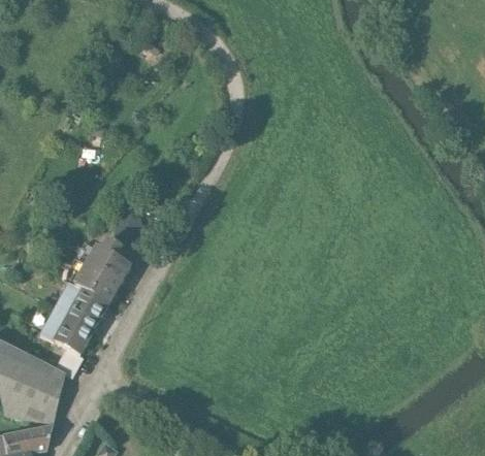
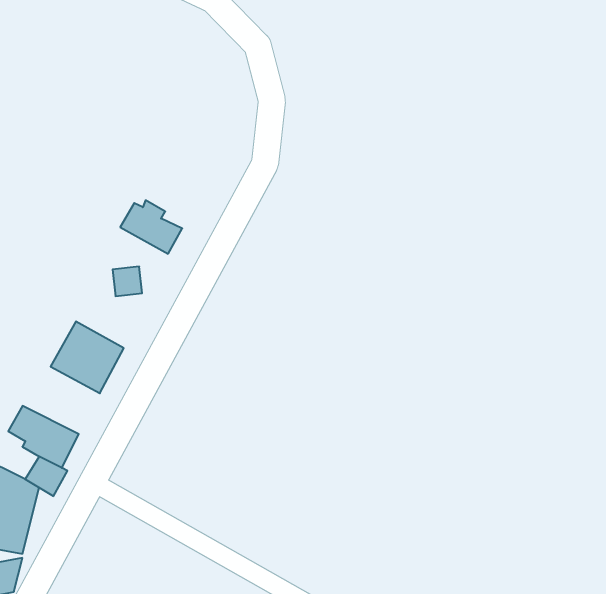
building: [91,232,136,271] -> [120,200,182,254]
building: [52,284,108,334] -> none

